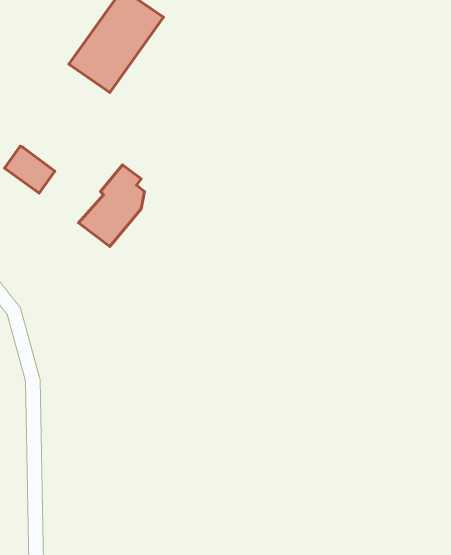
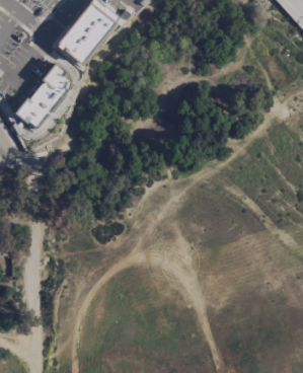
building: [78,165,144,247] -> [26,62,69,115]

